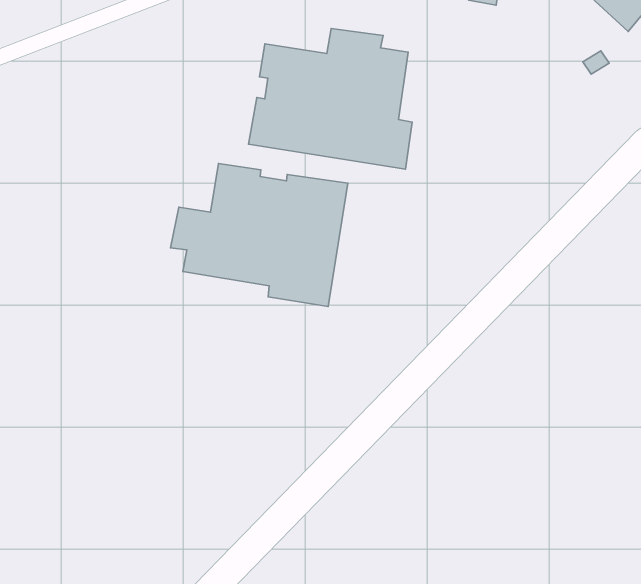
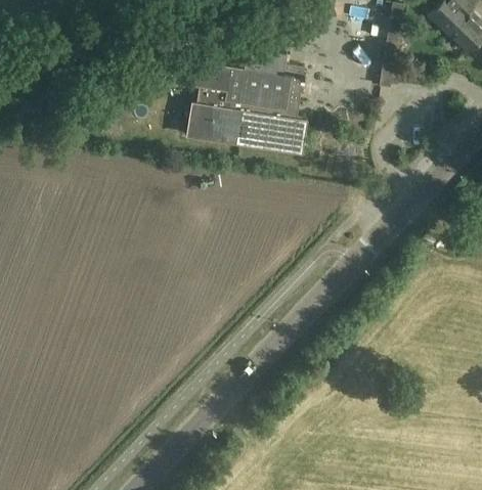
building: [171,163,348,307] -> none

